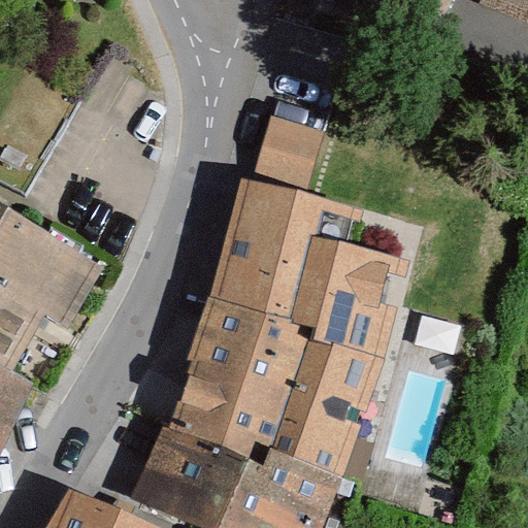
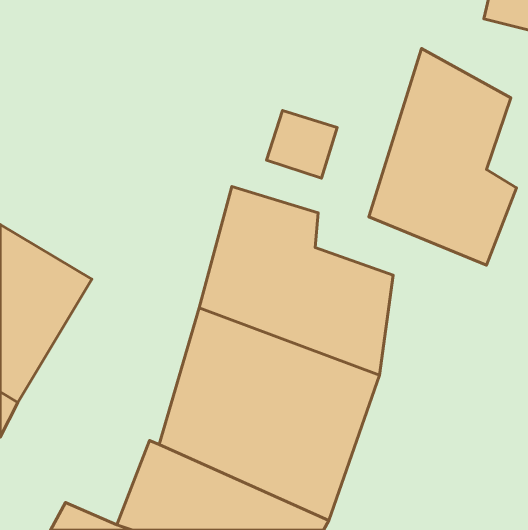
building: none -> [369,48,517,265]

